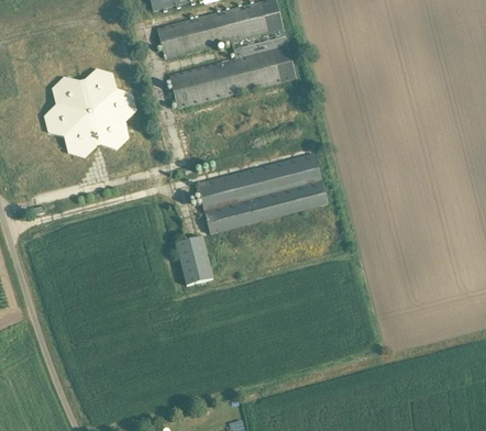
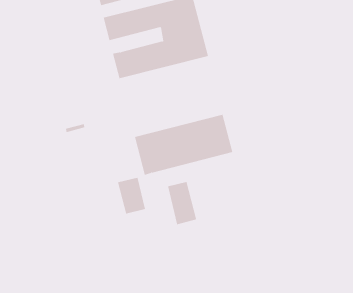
building: [44,67,136,156] -> none
building: none -> [167,181,197,225]

